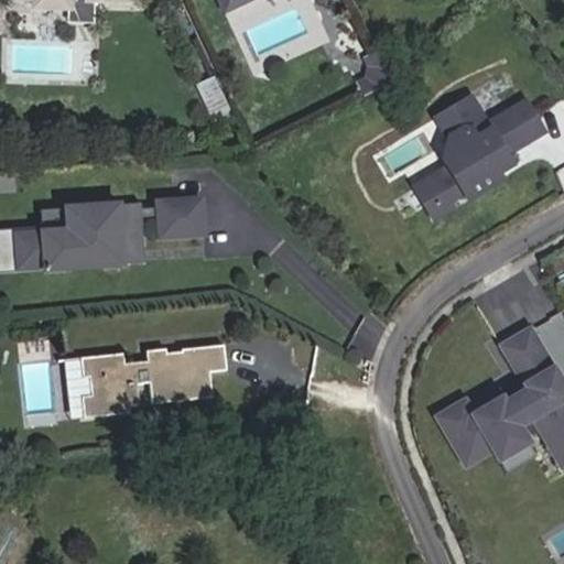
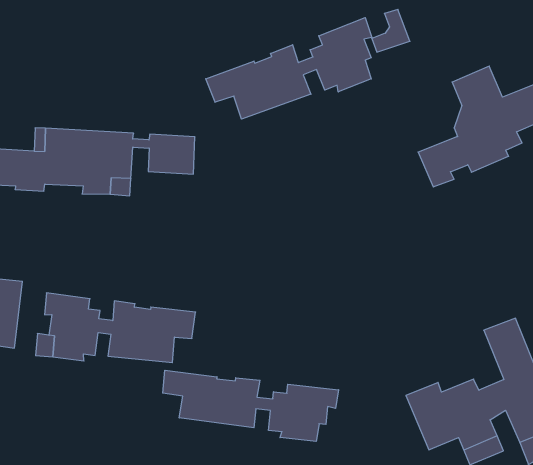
building: none -> [206,18,372,119]
building: none -> [163,370,339,441]

